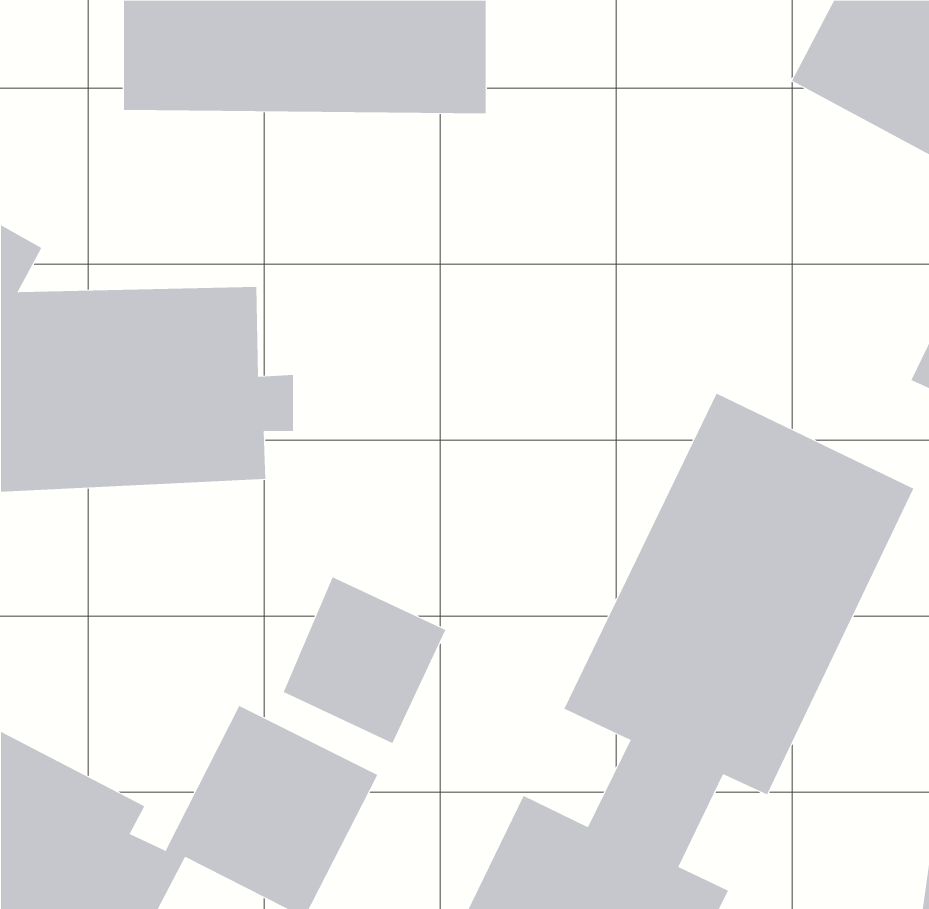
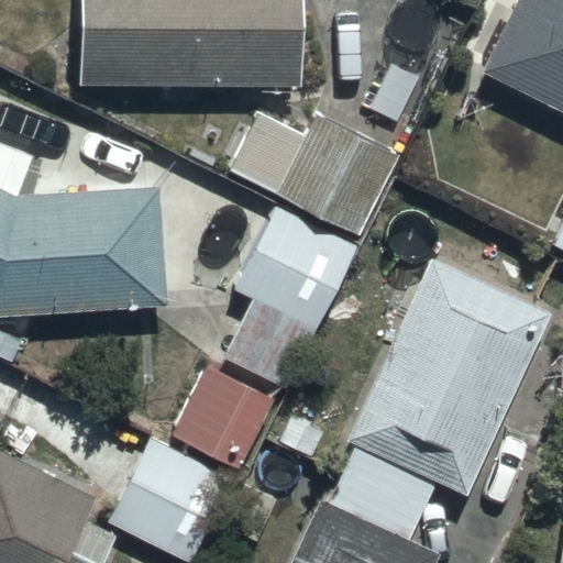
building: none -> [229,110,398,234]
building: none -> [228,207,357,388]

